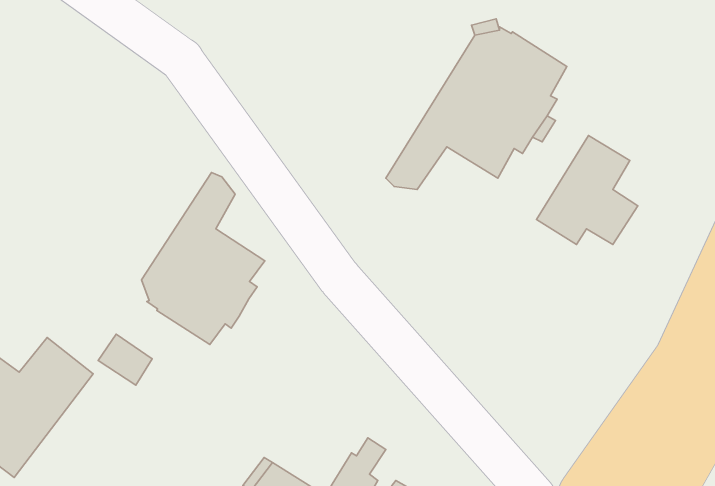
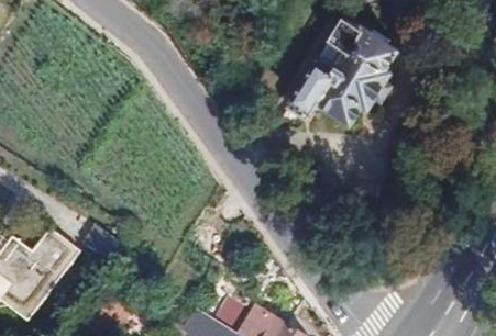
building: [537,136,638,245] -> none
building: [141,173,265,344] -> none

